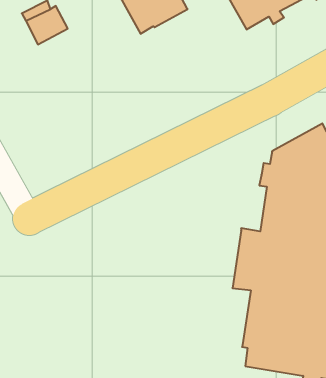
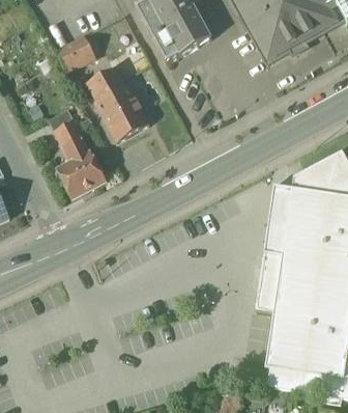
building: none -> [89,68,148,142]
building: none -> [54,119,106,198]
building: none -> [263,185,288,253]

